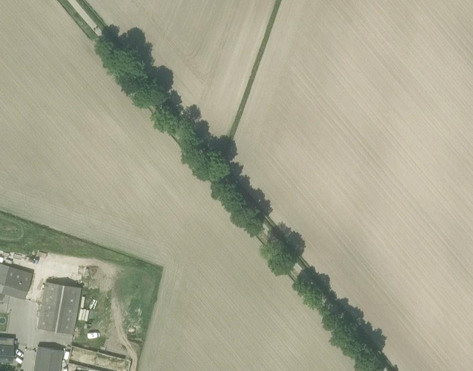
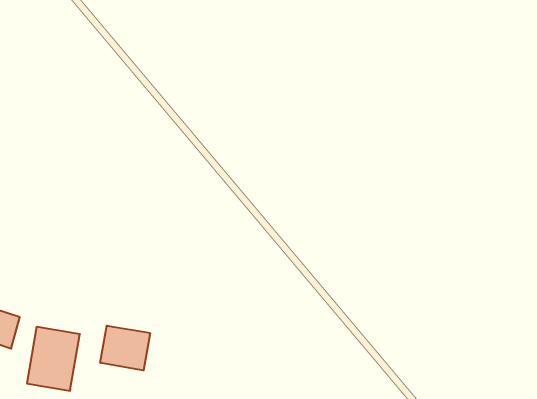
building: none -> [100,326,150,370]

